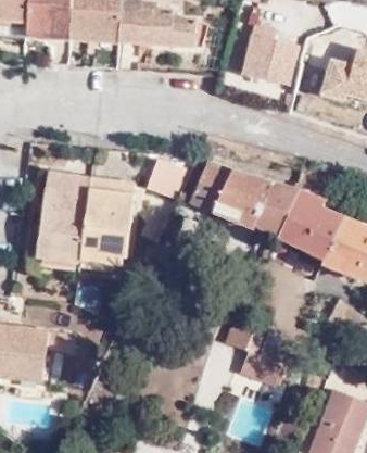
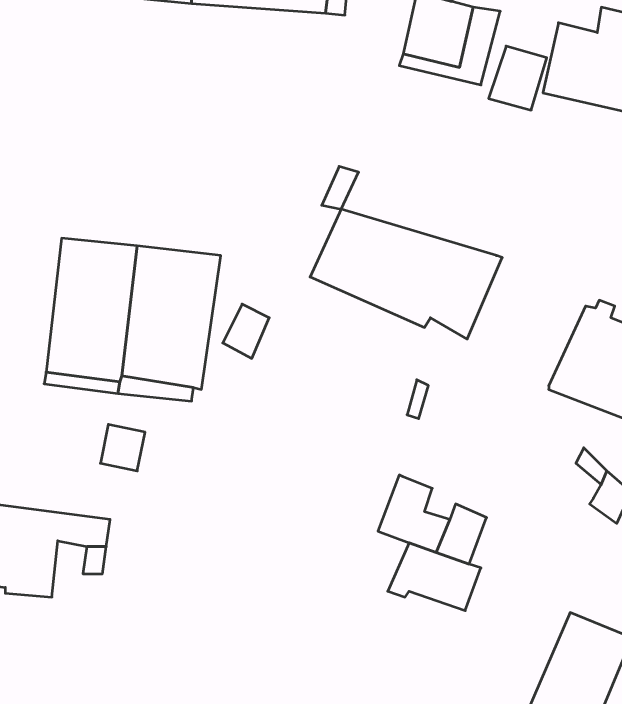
building: [144,154,185,196] -> none
building: [277,188,343,260] -> none

